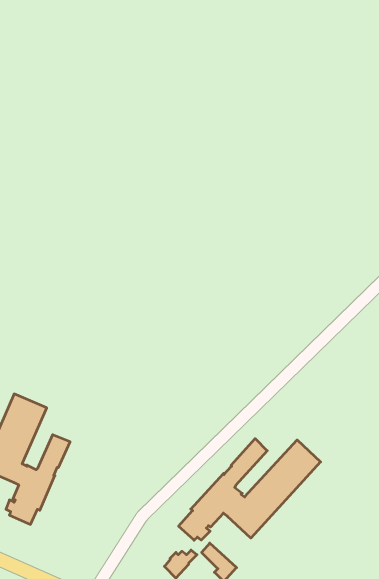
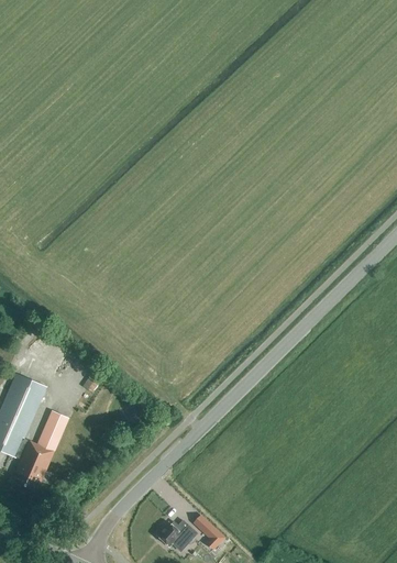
building: [179,439,321,540] -> none

